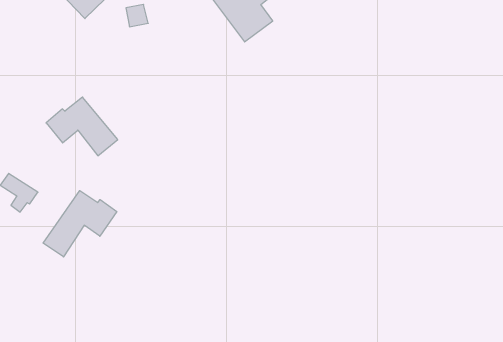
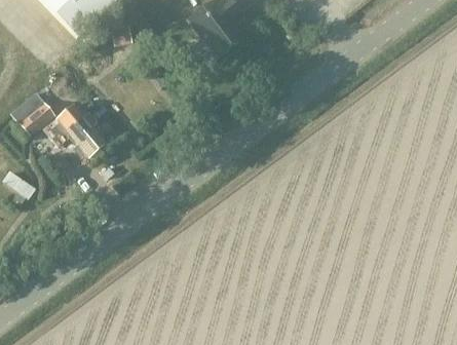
building: none -> [10,88,56,133]
building: [43,191,117,257] -> none

